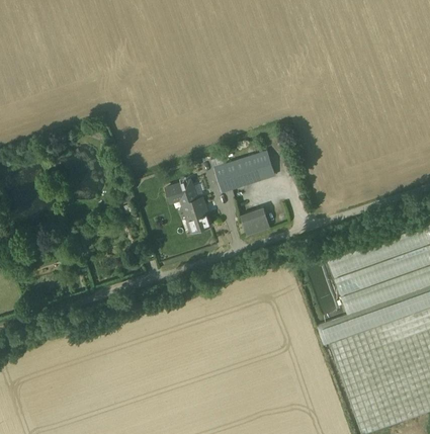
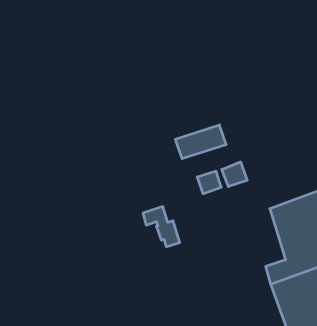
building: [166,180,210,229] -> [143,207,180,247]
building: none -> [222,162,247,187]

